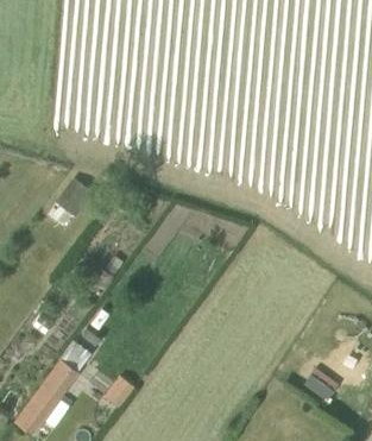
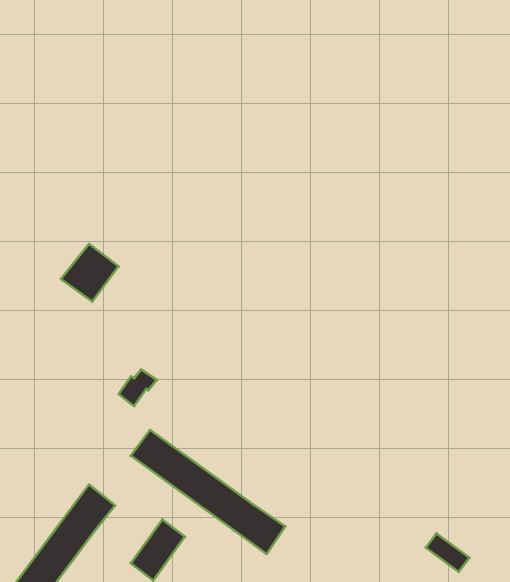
building: none -> [131,430,285,554]

